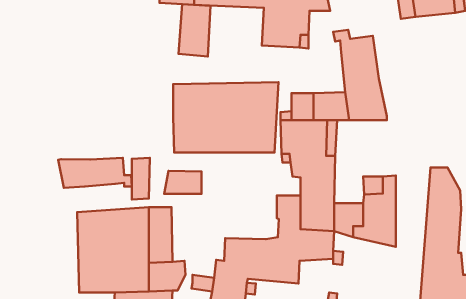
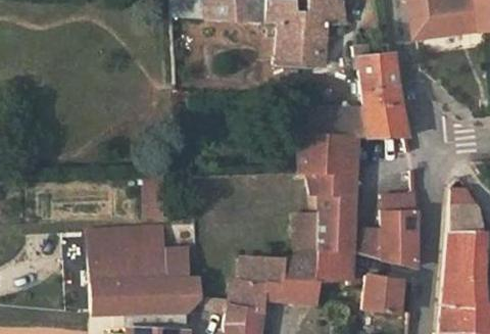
building: [178,4,211,56] -> none
building: [173,82,279,152] -> none
building: [58,158,132,188] -> none
building: [164,171,201,194] -> none
building: none -> [362,276,400,314]

